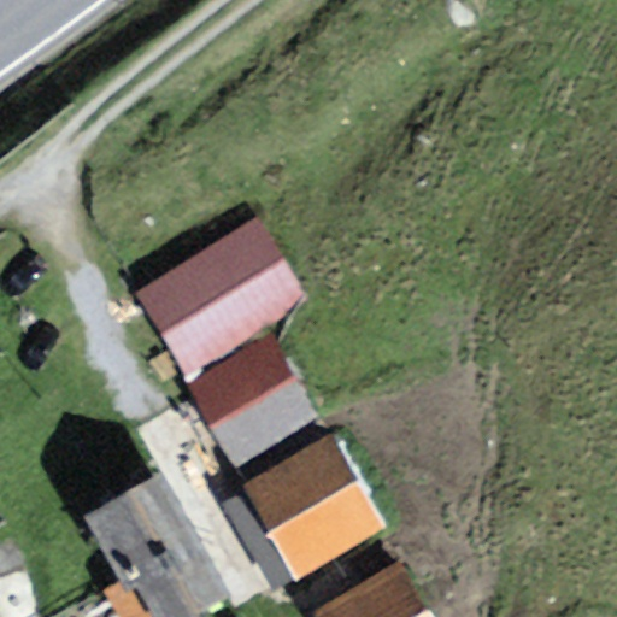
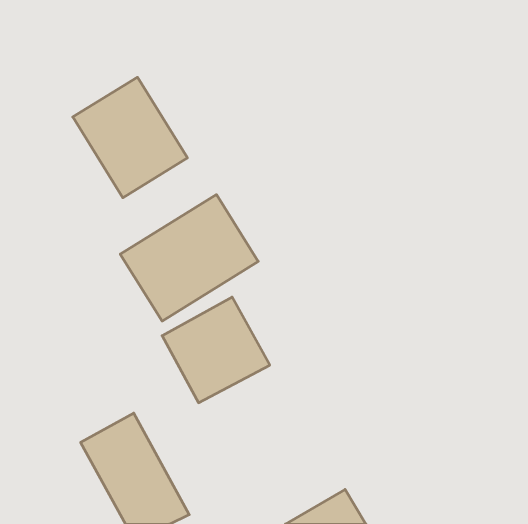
building: none -> [73,77,187,198]
building: [251,445,372,570] -> none

